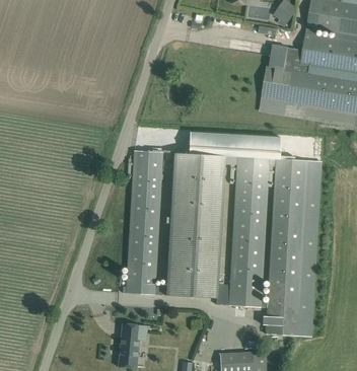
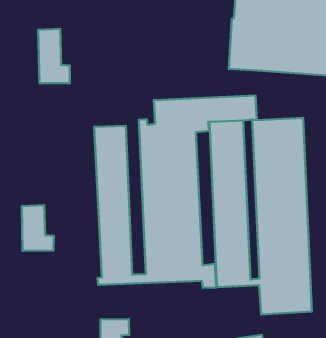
building: none -> [38,29,70,83]
building: none -> [22,205,54,251]

